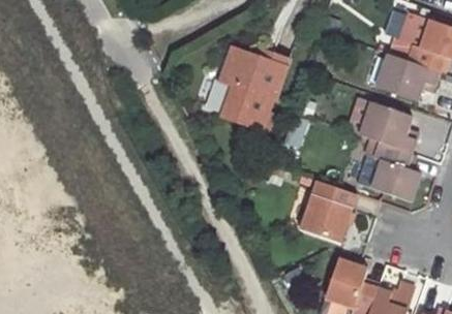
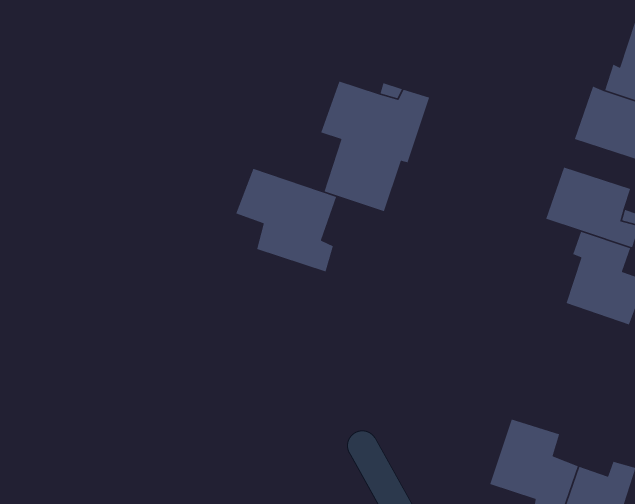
building: none -> [235,168,337,273]
building: [300,181,356,242] -> none

